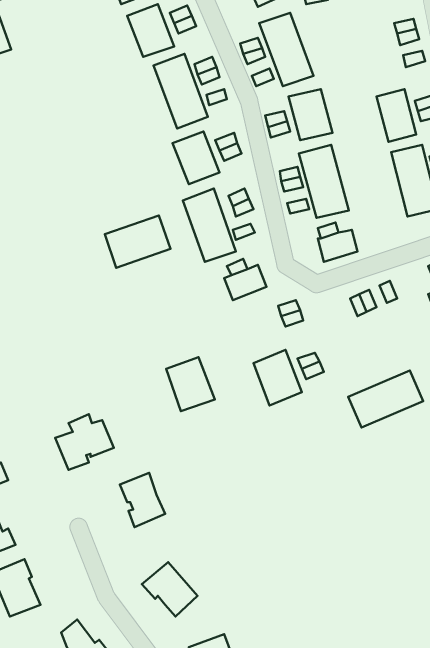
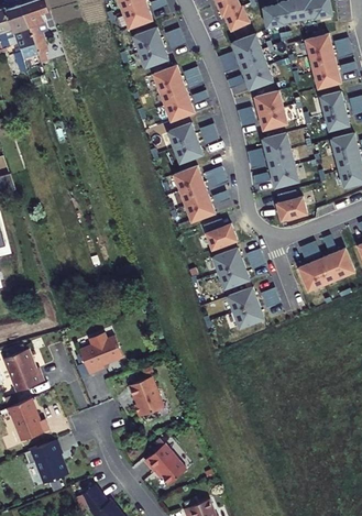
building: none -> [305,33,341,88]
building: [105,215,170,268] -> none
building: [166,357,215,411] -> [213,248,250,288]
building: [348,370,423,428] -> [299,248,355,290]

